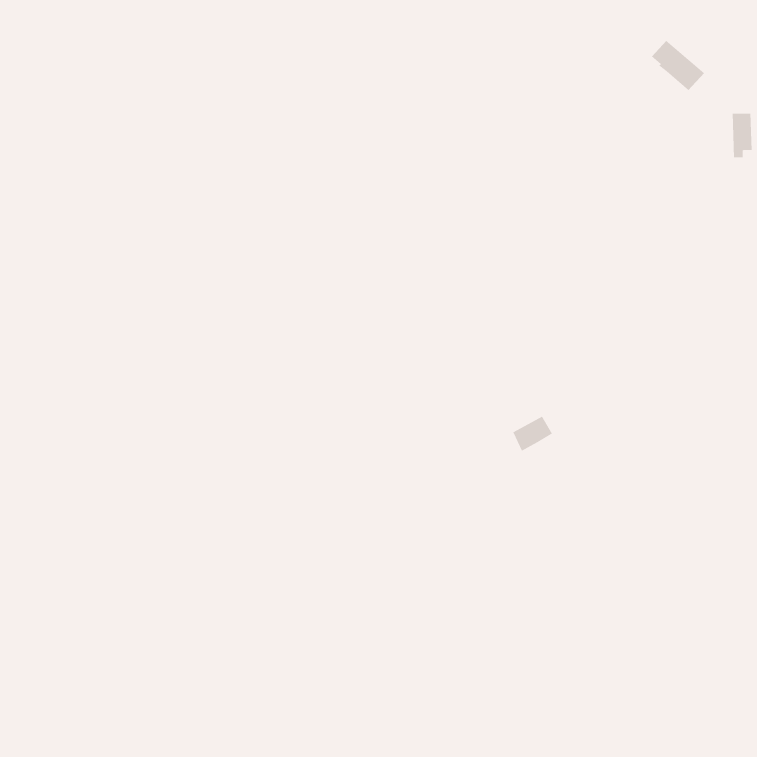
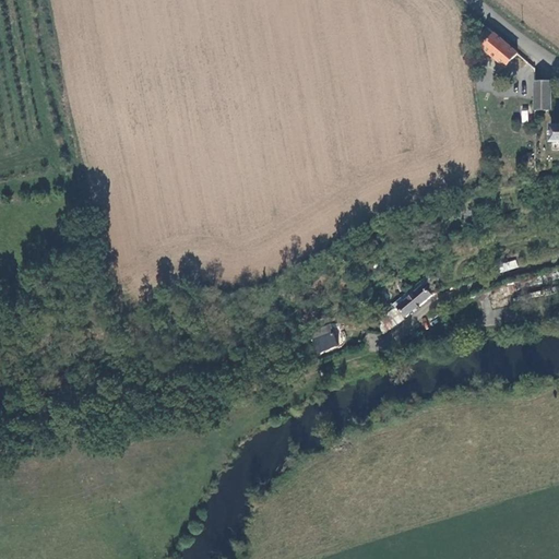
building: none -> [400,284,433,314]
building: none -> [310,323,337,353]

